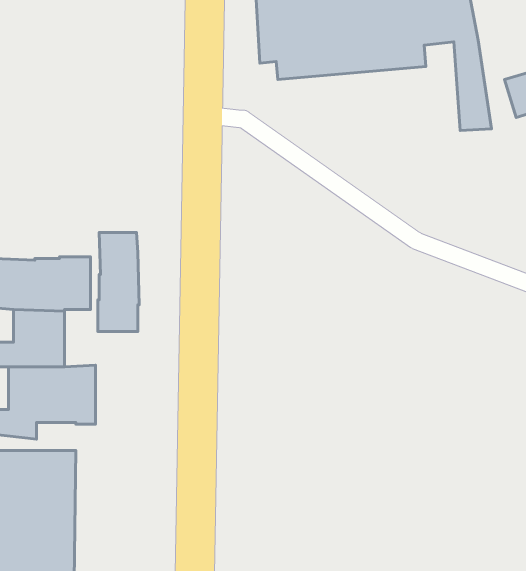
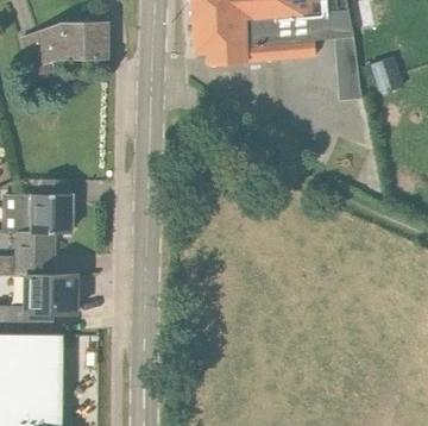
building: none -> [21,21,107,82]
building: [98,233,139,332] -> none

